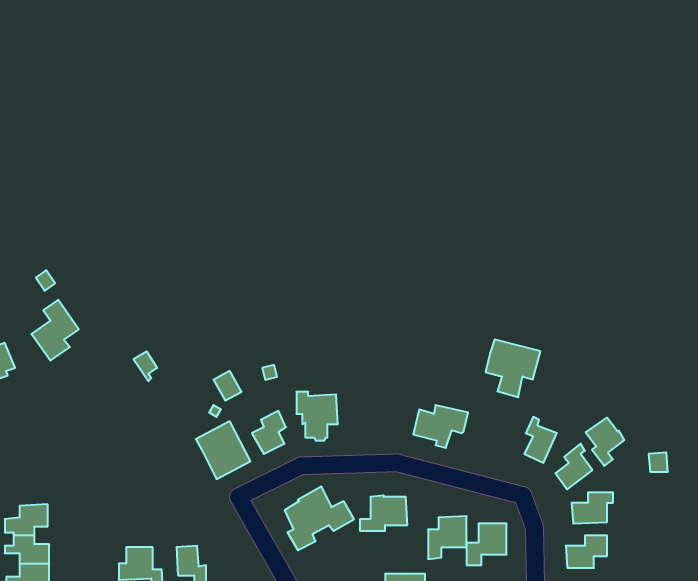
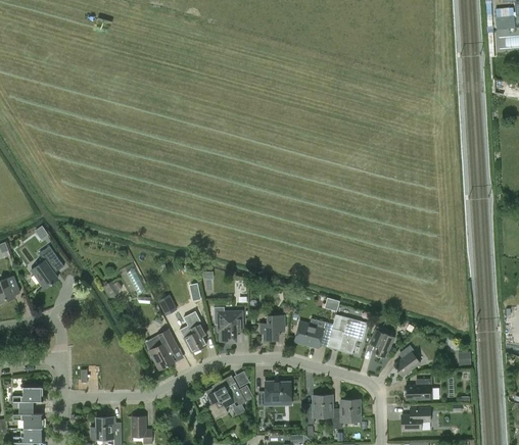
building: [486,339,540,397] -> [330,314,368,354]
building: none -> [261,315,285,340]
building: [586,418,624,466] -> none

